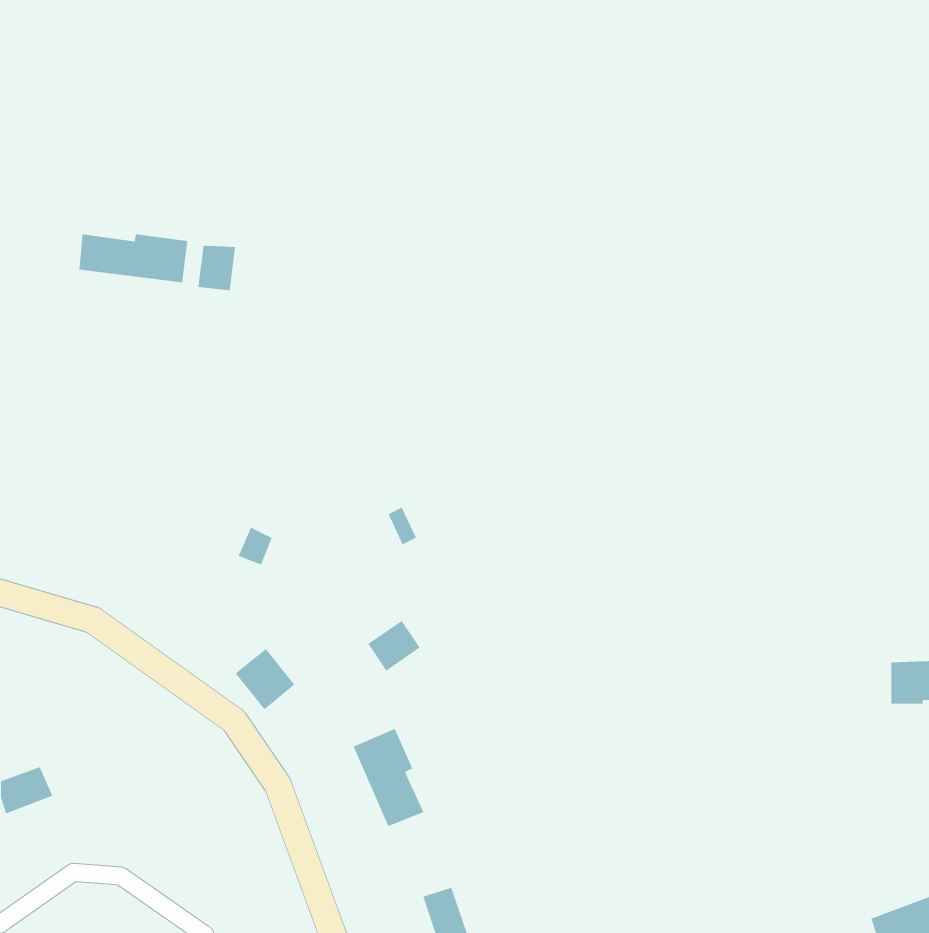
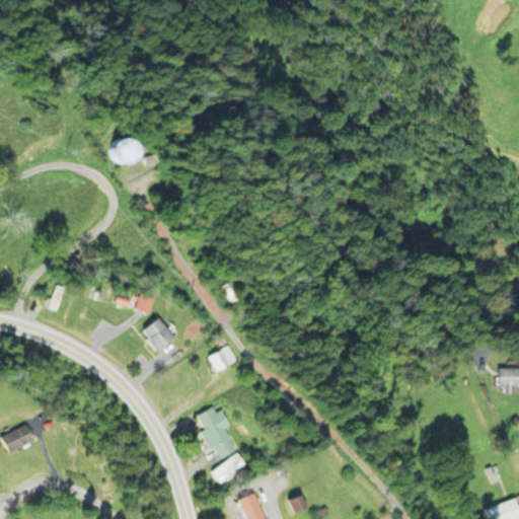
building: [79,233,188,283] -> none
building: [235,648,295,710] -> [140,317,173,352]
building: none -> [212,454,248,485]

